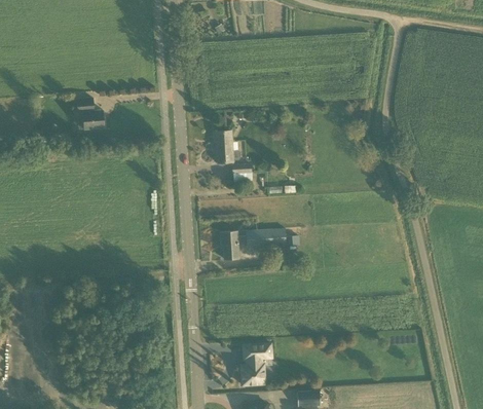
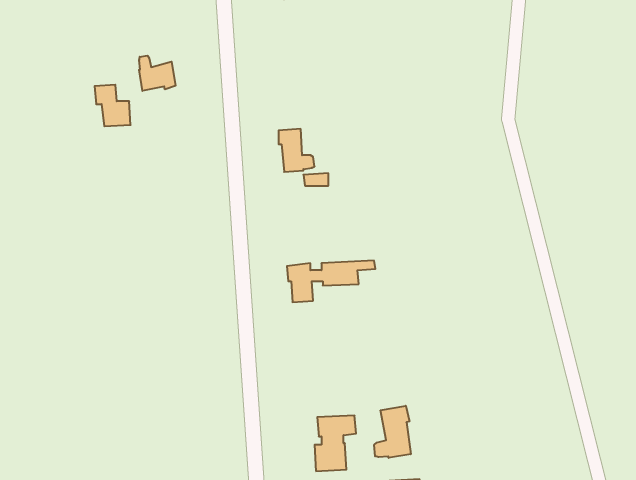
building: none -> [139,56,176,91]
building: none -> [374,406,411,458]

